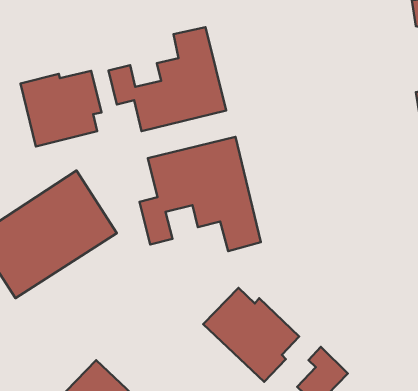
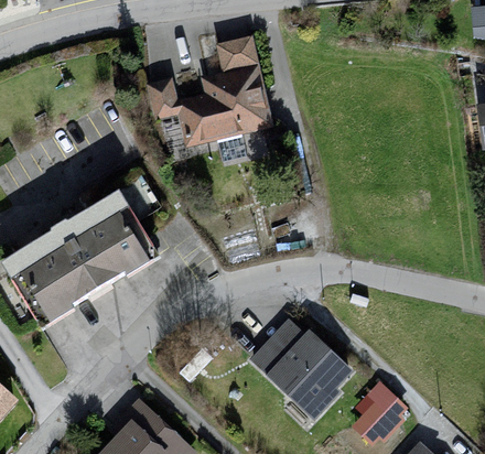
building: [20,71,101,147] -> none
building: [140,137,261,251] -> none

